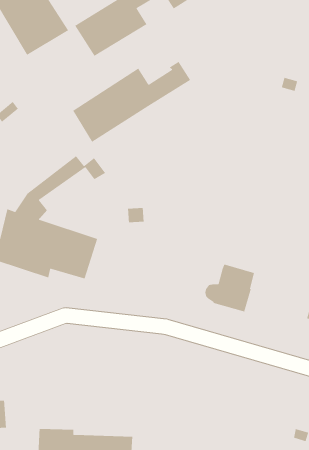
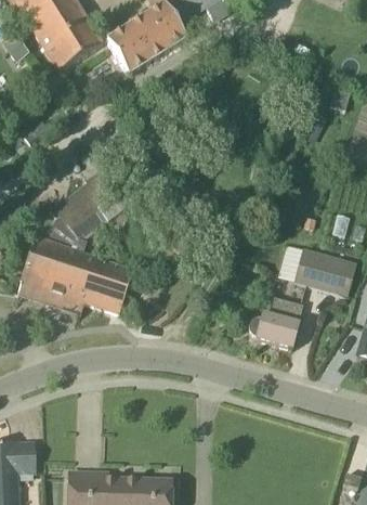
building: [72,61,191,143] -> none
building: none -> [294,247,355,293]

